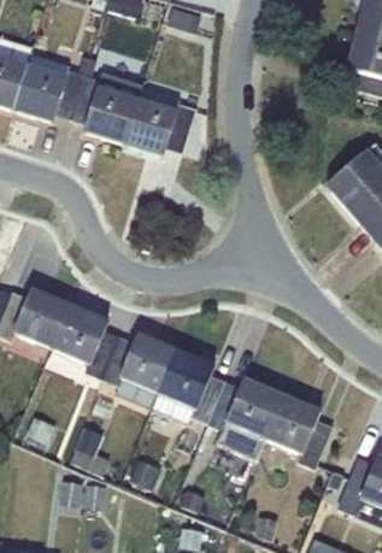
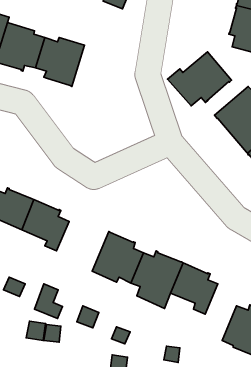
building: [123,84,195,155] -> none
building: none -> [168,52,232,106]
building: [101,334,176,407] -> none

